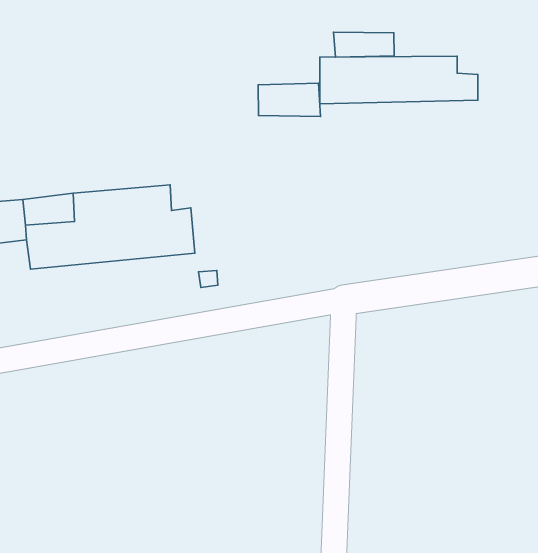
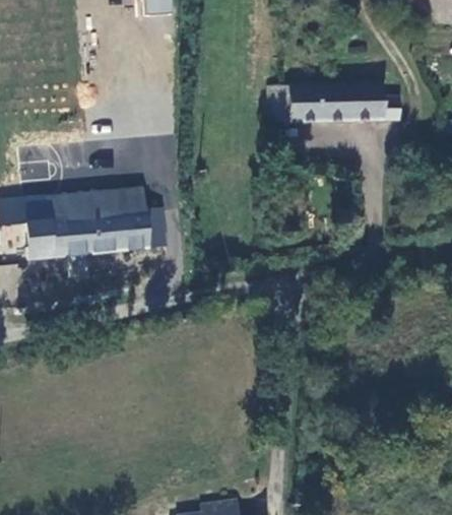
building: [333,32,394,57] -> none
building: [258,83,321,117] -> none

